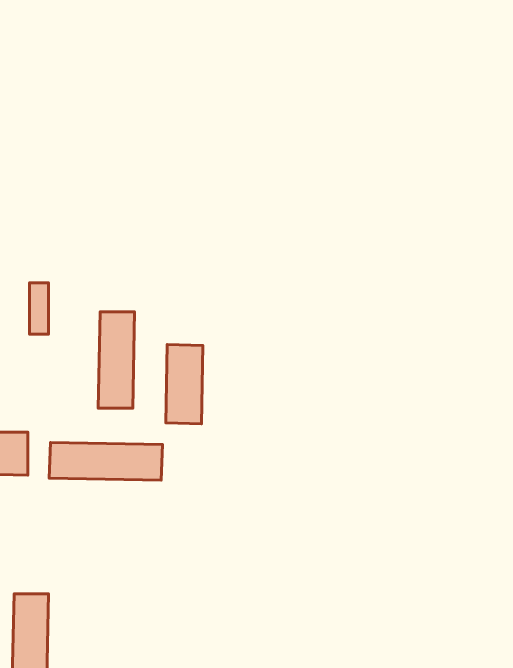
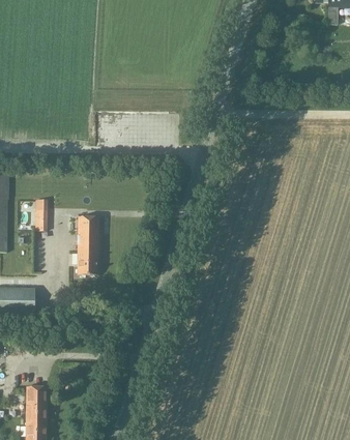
building: [166,344,203,424] -> none
building: [49,442,162,480] -> none

